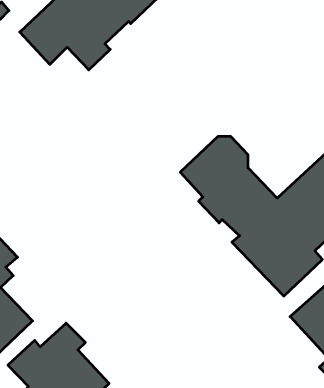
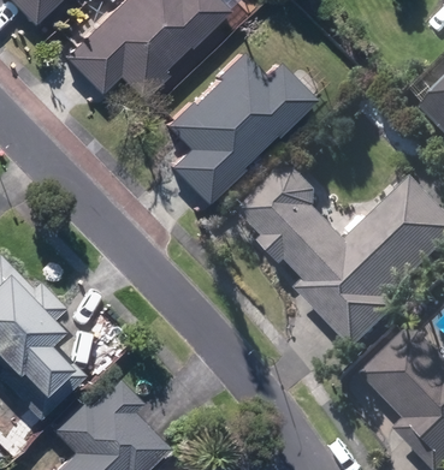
building: none -> [166,54,312,202]

